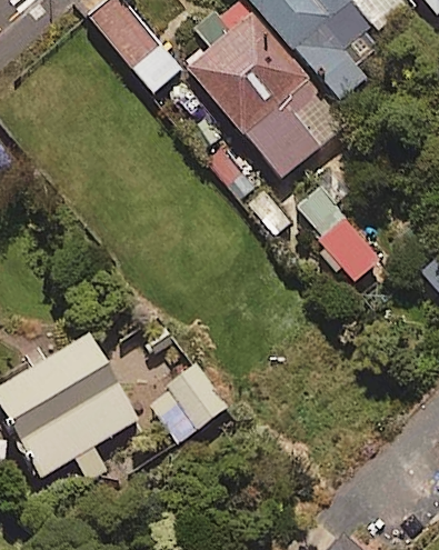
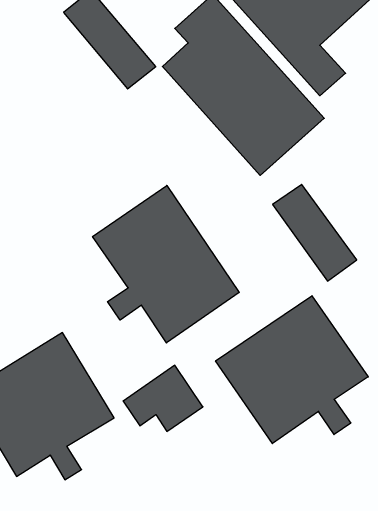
building: none -> [93,185,239,343]
building: none -> [216,296,368,444]

